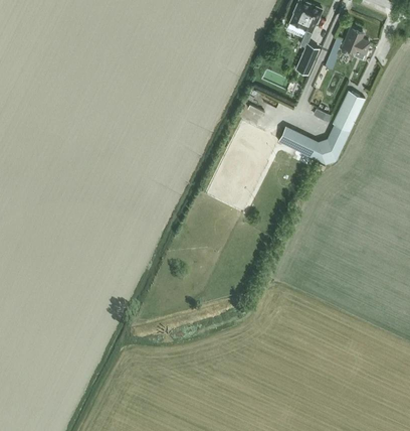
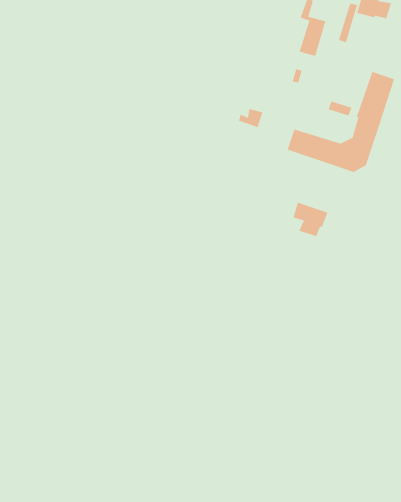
building: none -> [293,202,328,237]

